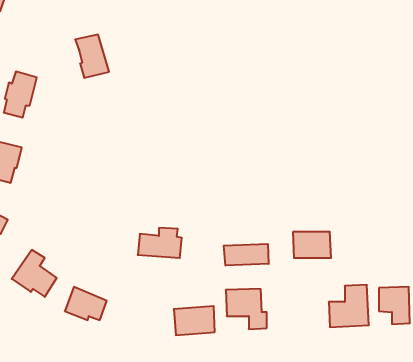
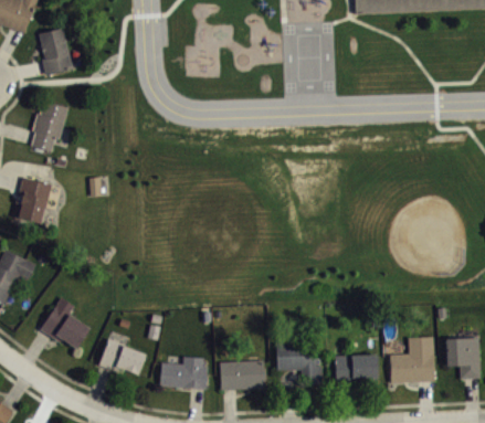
building: [75,35,109,78] -> [36,28,74,75]
building: [138,228,182,258] -> [159,356,208,389]
building: [293,232,331,258] -> [335,355,377,383]
building: [224,244,269,266] -> none

